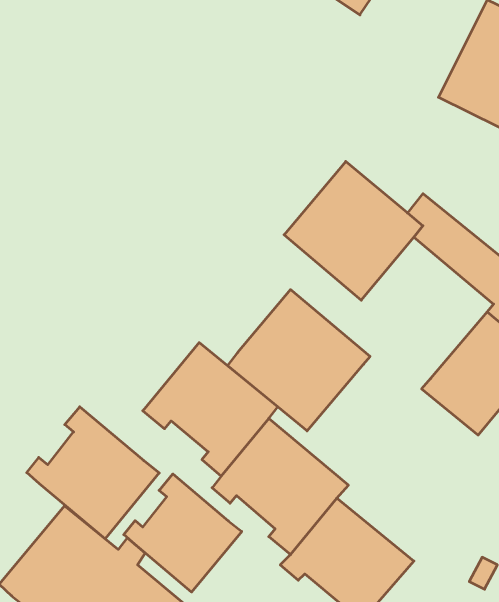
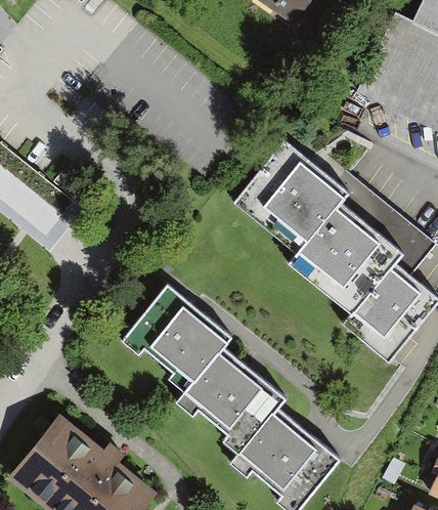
building: [227,290,370,431] -> [289,202,402,314]
building: [27,407,159,539] -> none
building: [124,474,242,592] -> none

